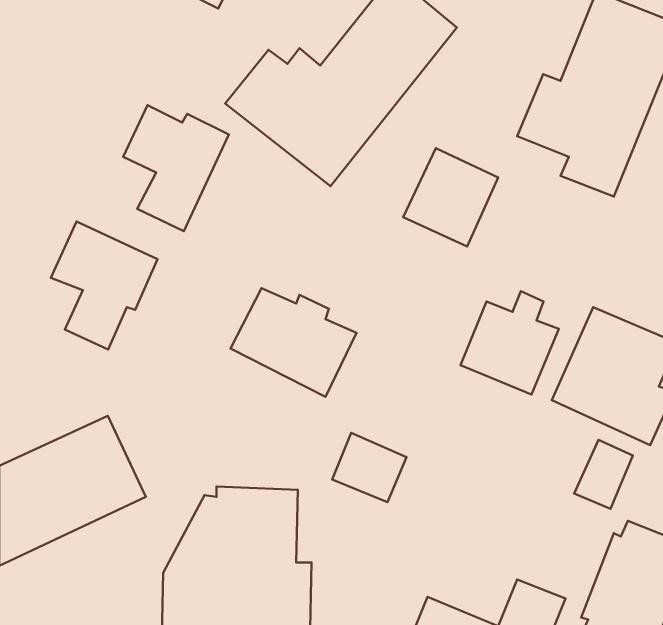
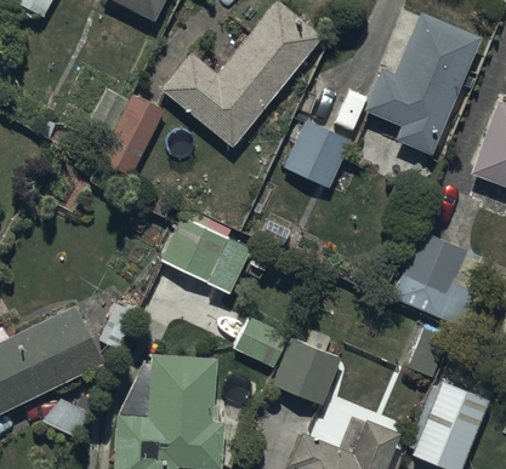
building: [51,222,157,350] -> none
building: [461,291,559,395] -> [271,332,340,405]

